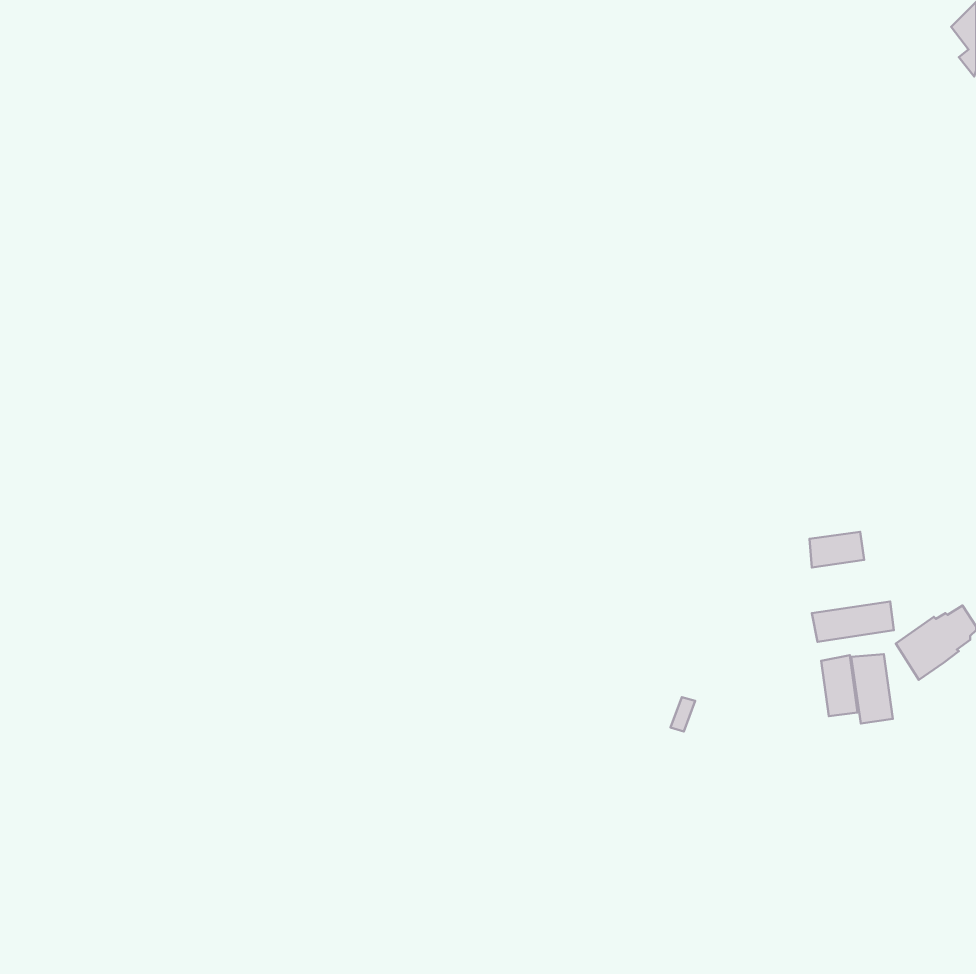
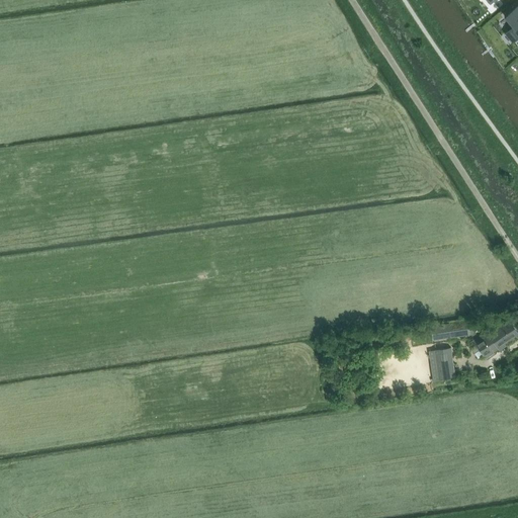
building: [809,532,864,567] -> none
building: [851,654,893,723] -> none

